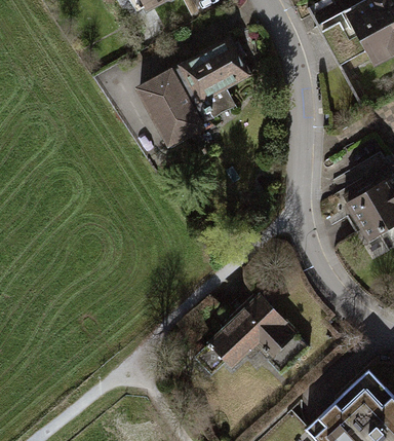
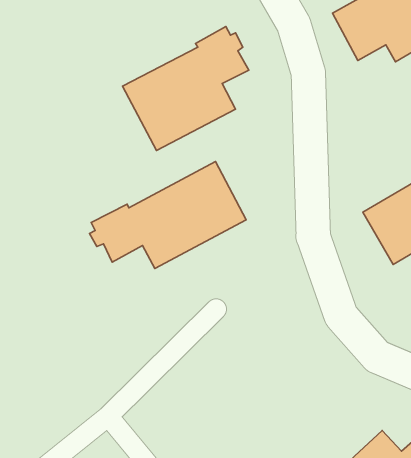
building: none -> [90,161,246,268]
building: [193,293,310,375] -> none

